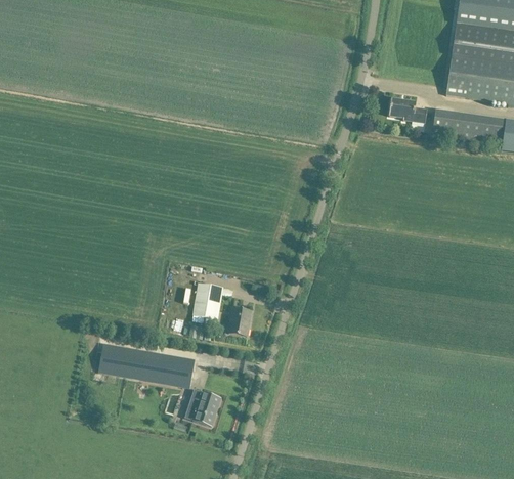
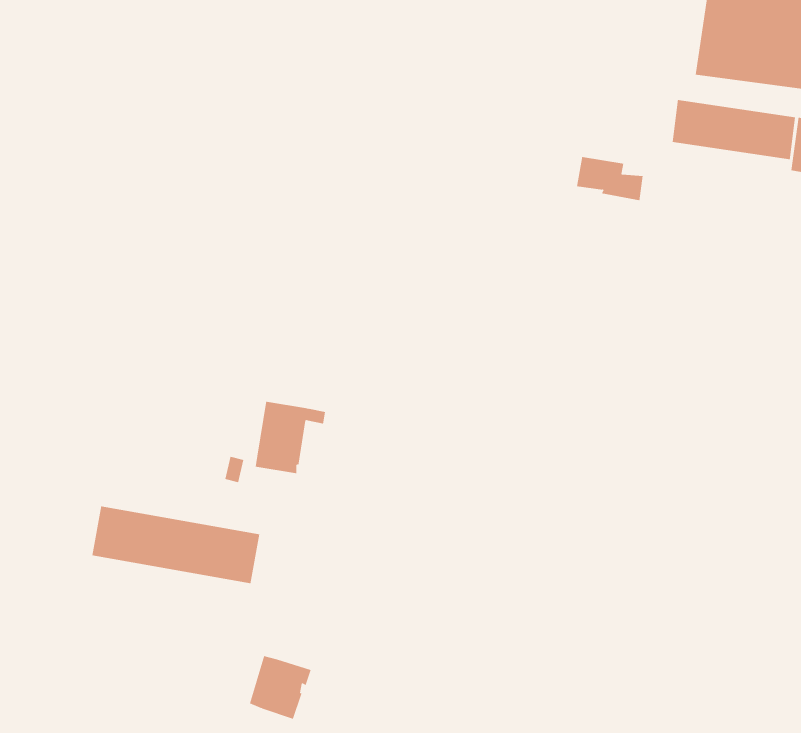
building: [388,97,427,123] -> [576,156,644,201]
building: [229,308,251,336] -> none
building: [185,389,221,426] -> [249,656,311,719]

